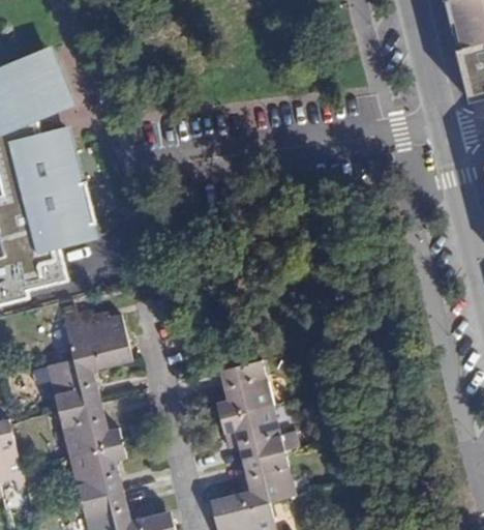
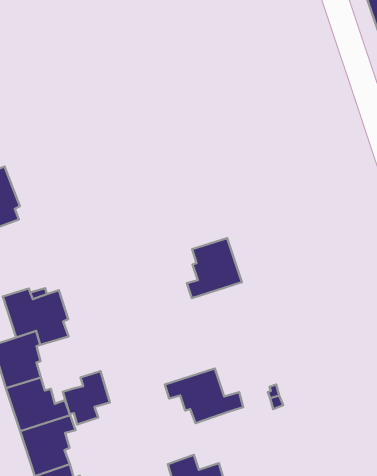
building: [217,360,273,418] -> [187,238,242,298]
building: none -> [63,371,110,425]
building: [245,450,296,507] -> none

